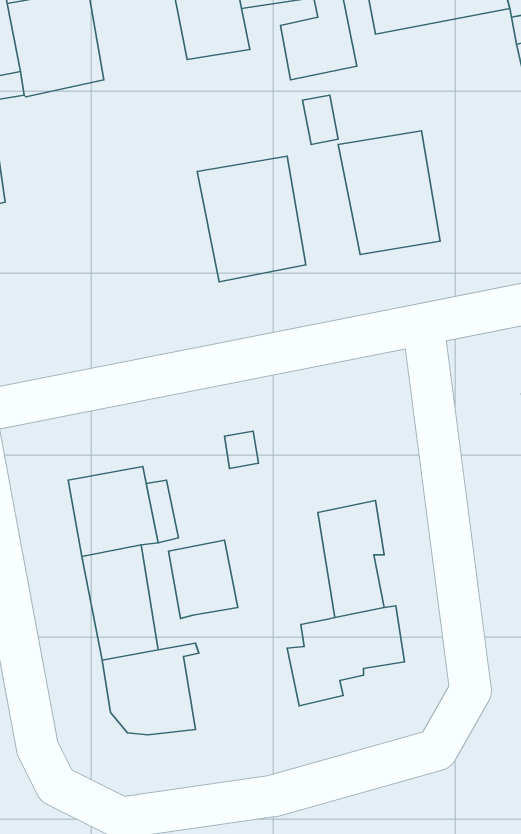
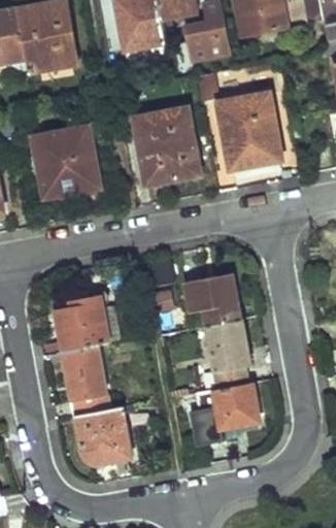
building: none -> [33,125,99,195]
building: none -> [187,273,241,325]
building: [168,540,238,619] -> none

